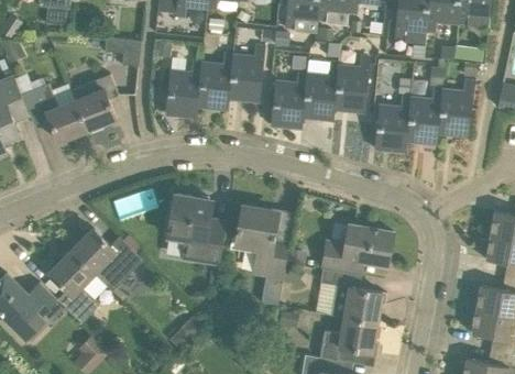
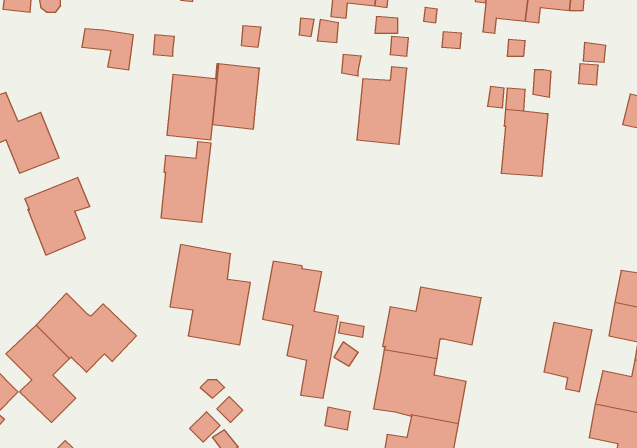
building: [229,44,265,102] -> [161,142,211,222]
building: [335,56,370,112] -> none
building: [270,73,307,129] -> none
building: [72,75,119,131] -> [25,178,90,255]
building: [438,80,474,136] -> none
building: [374,105,410,152] -> none
building: none -> [544,322,592,392]

